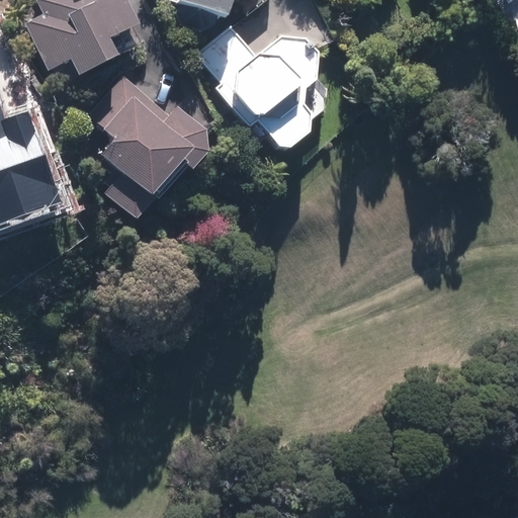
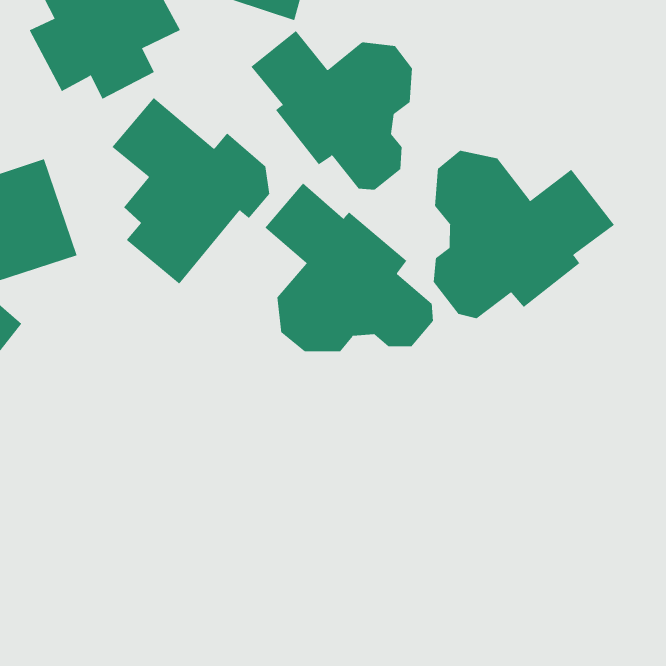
building: none -> [433,150,615,319]
building: none -> [264,182,434,352]

